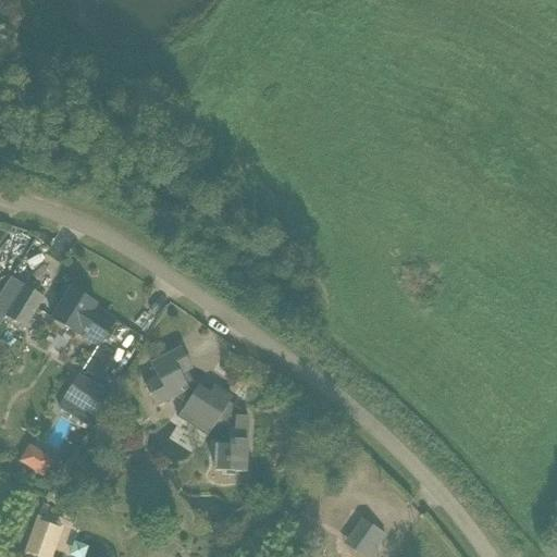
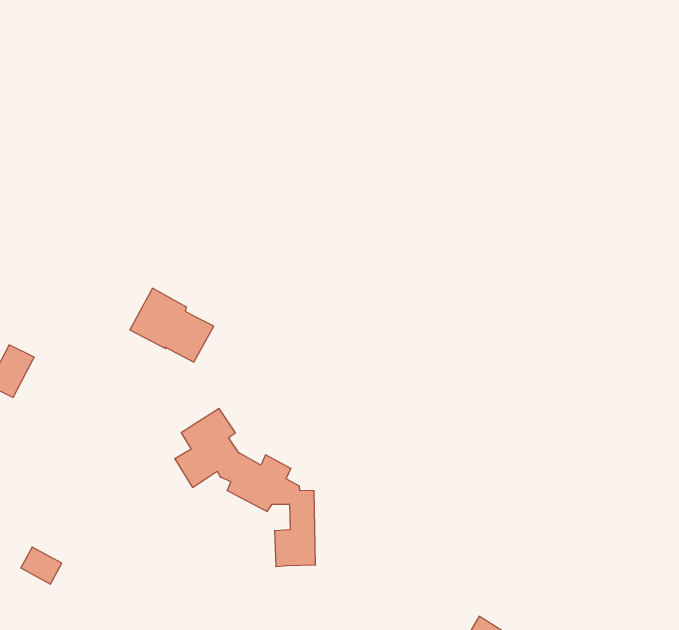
building: [51,286,115,345] -> [130,288,214,362]
building: [58,374,108,424] -> none

